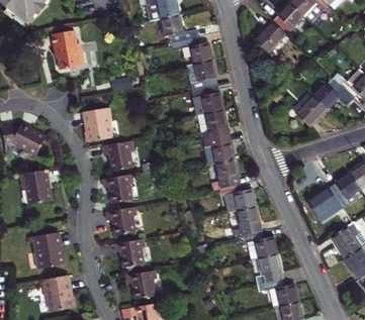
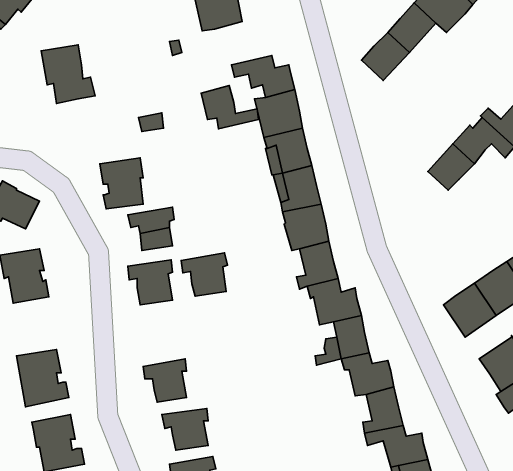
building: [160,17,197,45] -> [201,86,259,129]
building: [105,205,135,233] -> [181,253,228,296]

